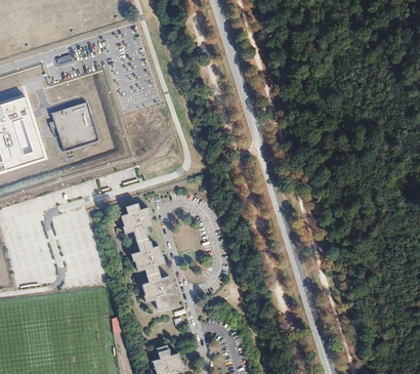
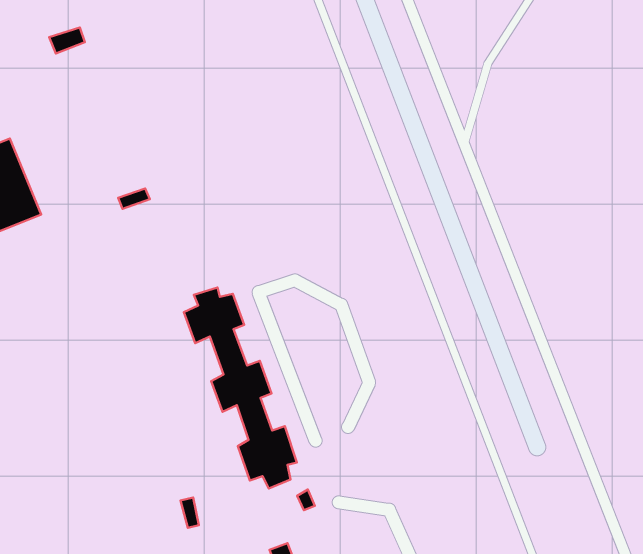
building: [51,99,98,149] -> none

